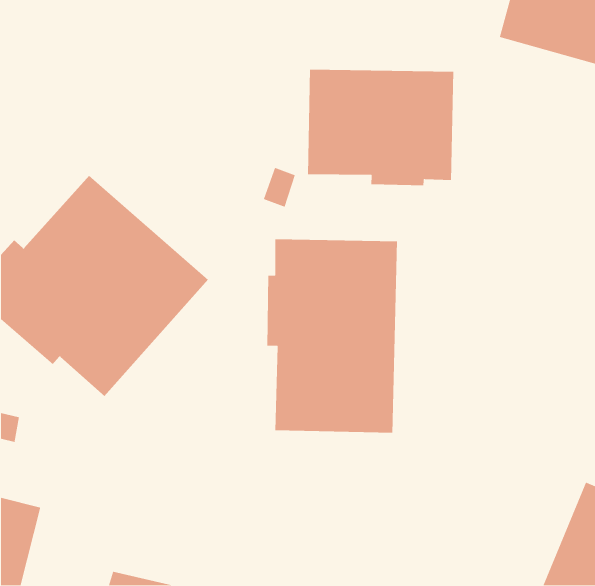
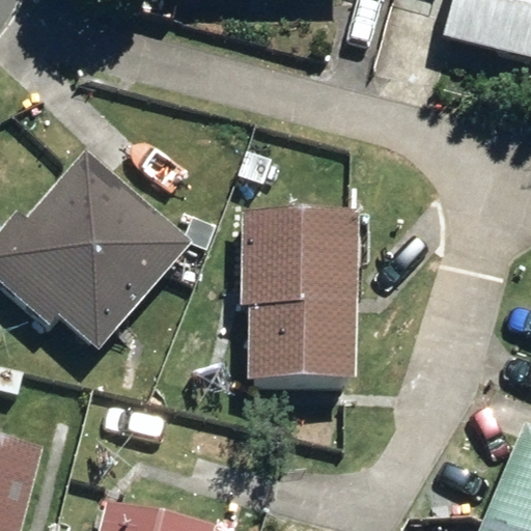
building: [307,69,454,186] -> none

